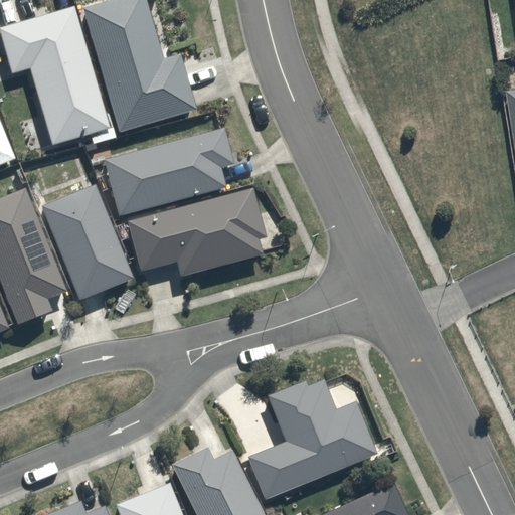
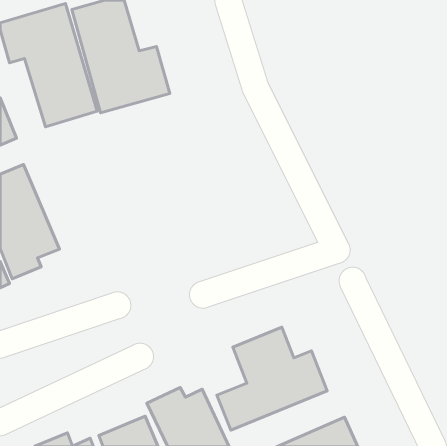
building: [106,127,235,217] -> none
building: [37,182,134,301] -> none
building: [124,188,266,280] -> none

